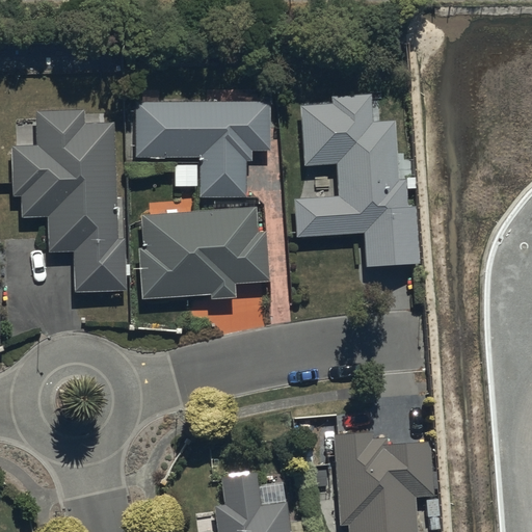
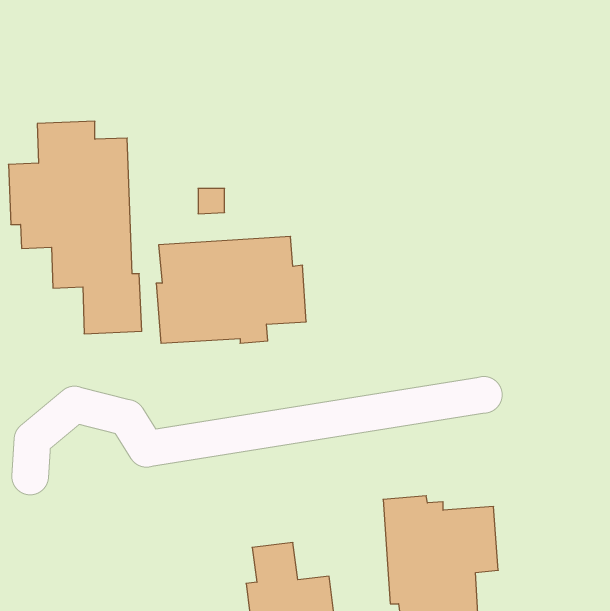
building: [294,95,420,268] -> none
building: [135,102,269,196] -> none

